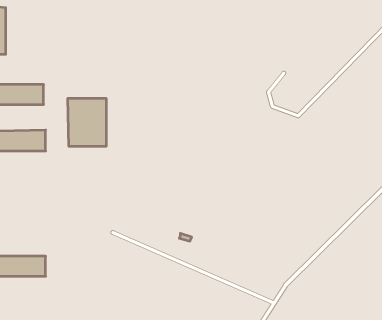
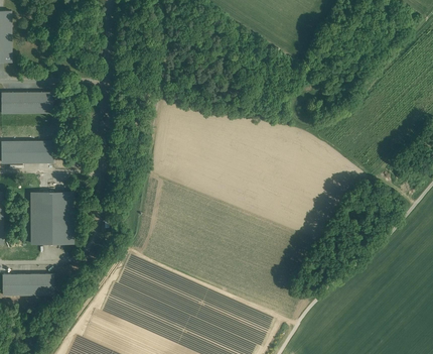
building: [68,99,106,146] -> [28,193,69,243]

